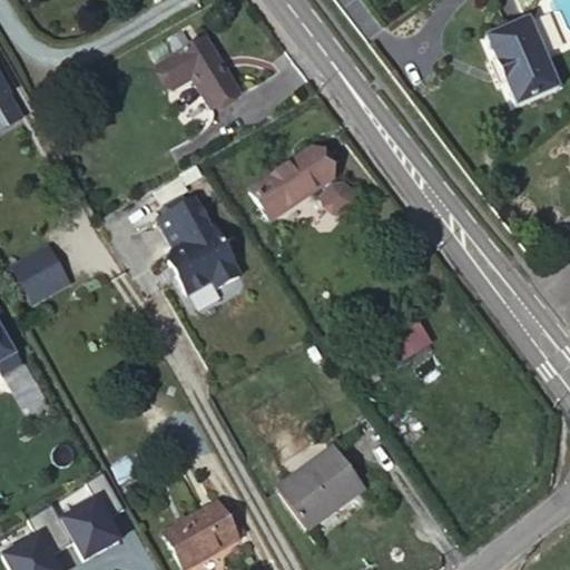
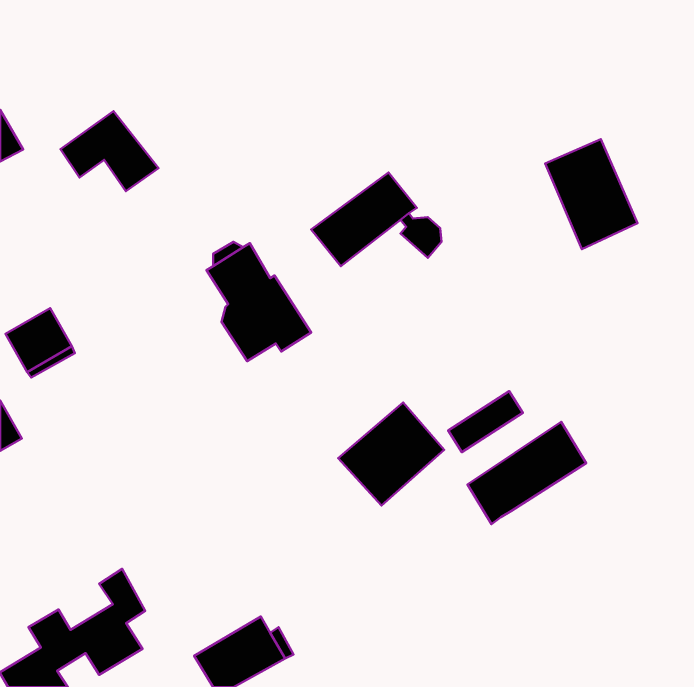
building: [484,13,560,104] -> [545,139,638,249]
building: [149,38,229,104] -> [61,111,158,191]
building: none -> [468,422,586,524]
building: [281,443,367,528] -> [338,402,444,506]

